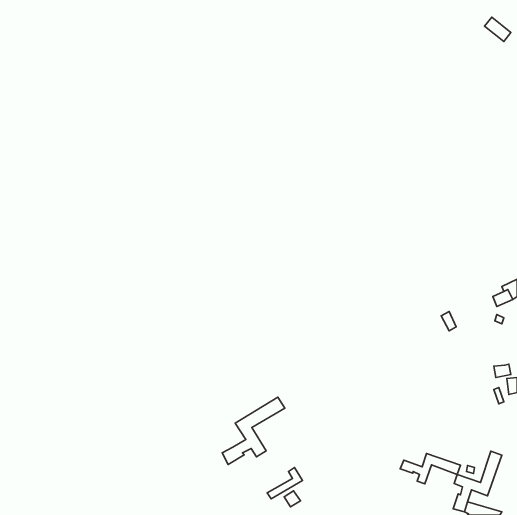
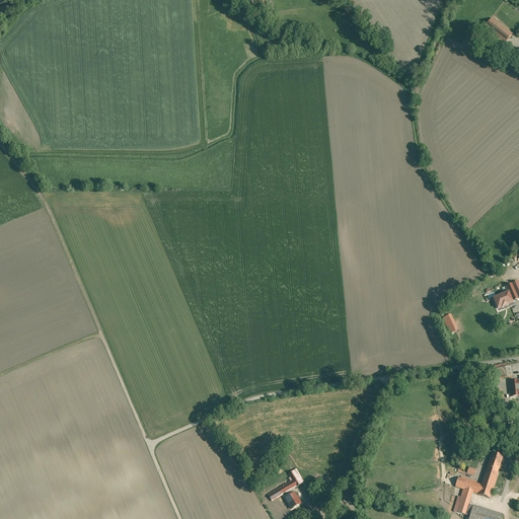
building: [222,397,285,464] -> none
building: [400,453,460,484] -> none

